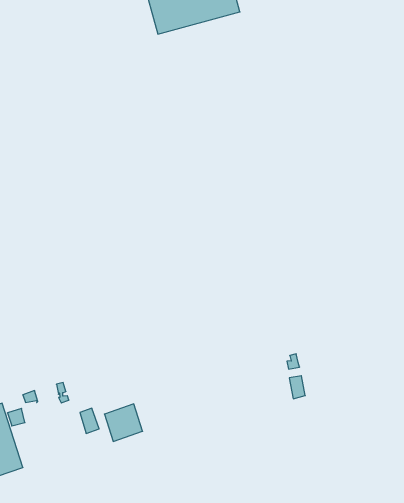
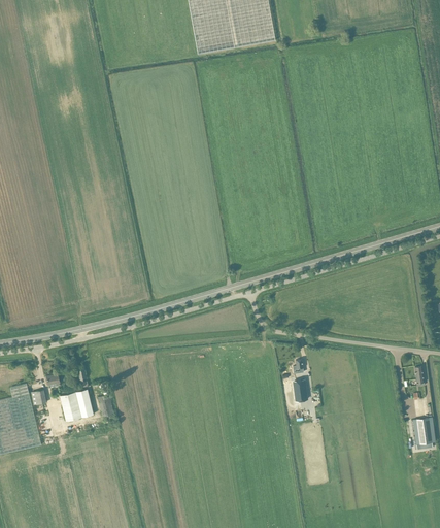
building: [104,404,143,441] -> [60,387,94,420]

